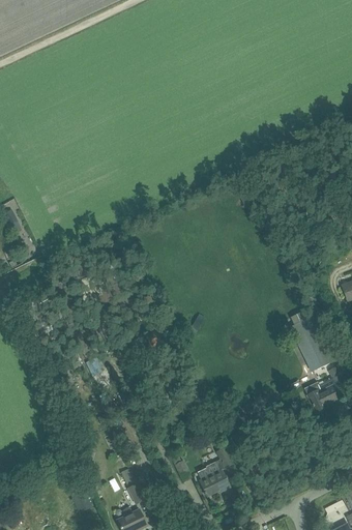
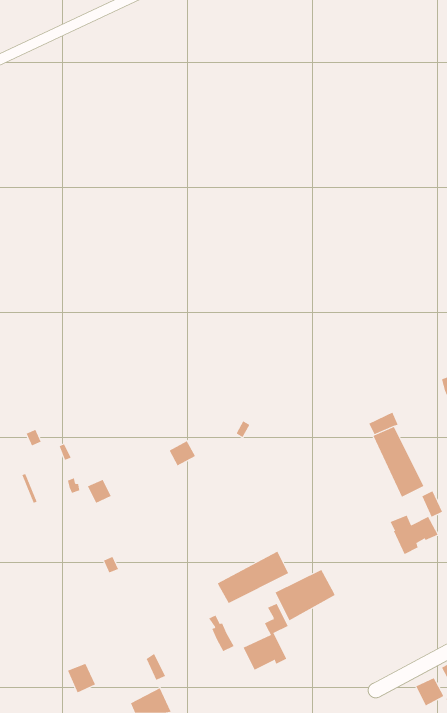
building: none -> [217,551,289,604]
building: none -> [275,569,335,621]

